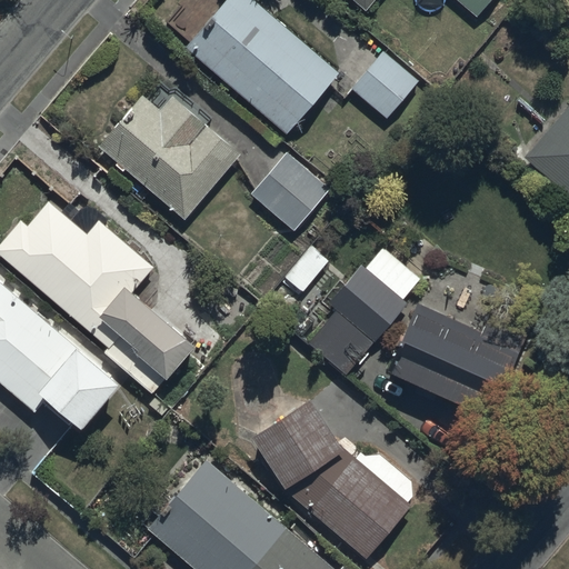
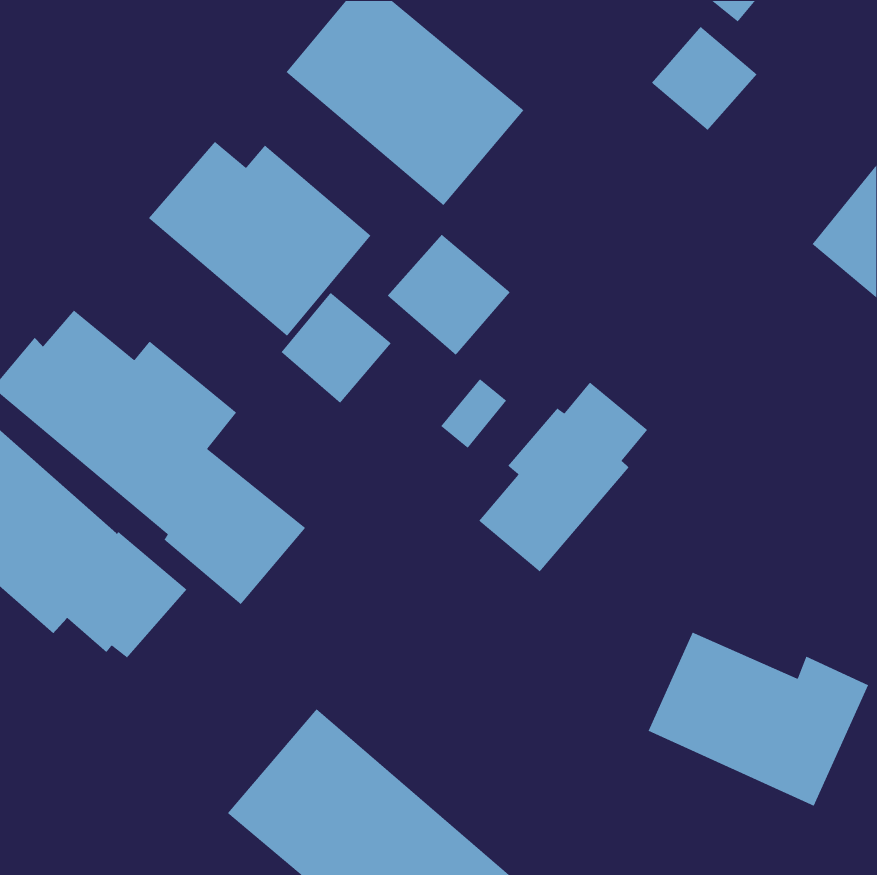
building: [350,51,419,119] -> [651,26,757,131]
building: none -> [281,292,392,404]
building: [385,305,528,418] -> [648,632,869,807]
building: [251,400,412,553] -> none

